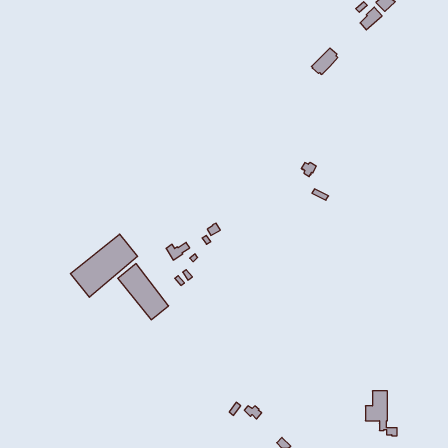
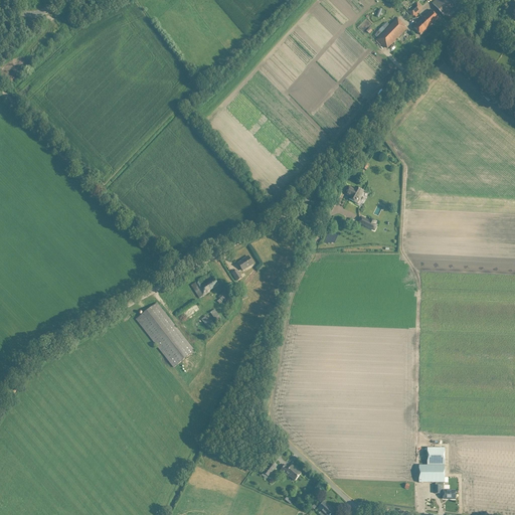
building: [311,48,338,74] -> [375,17,405,47]
building: [70,234,138,297] -> none

